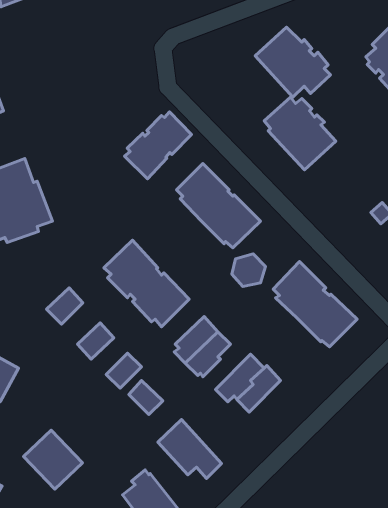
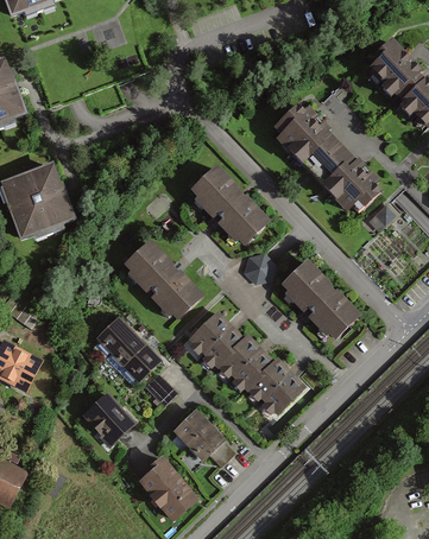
building: [255,27,331,97] -> [313,145,384,211]
building: [124,112,191,179] -> none
building: [46,288,83,324] -> [111,331,145,366]
building: none -> [216,332,261,380]
building: none -> [260,372,304,412]
building: [23,430,82,489] -> [80,391,135,446]

